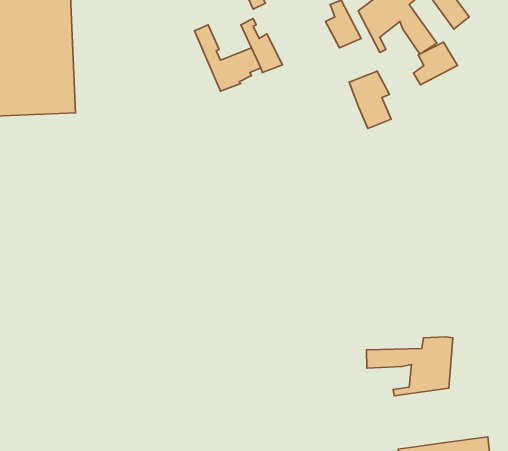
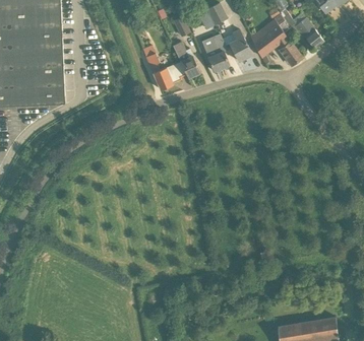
building: [414,42,457,85] -> none
building: [349,71,391,128] -> [201,35,229,72]
building: [366,337,453,396] -> none

